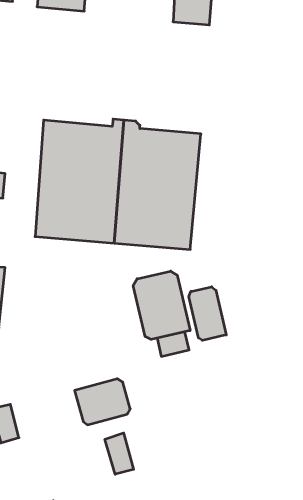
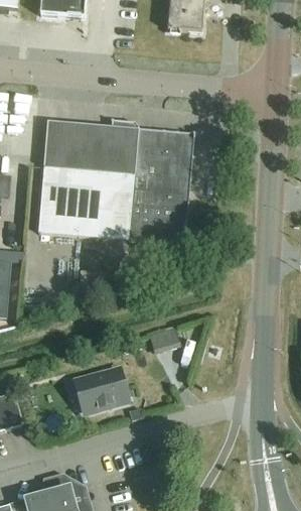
building: [133,271,190,339] -> none
building: [189,287,226,340] -> none
building: [105,433,134,474] -> none

